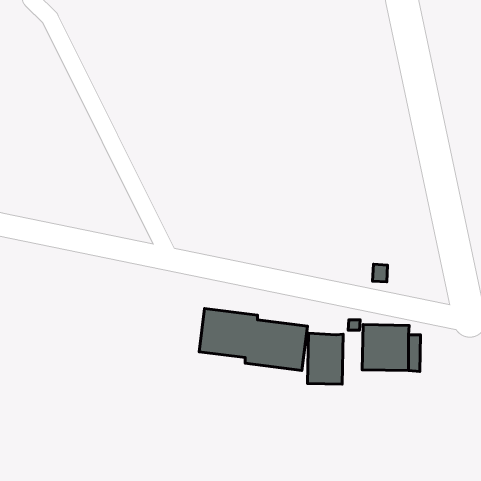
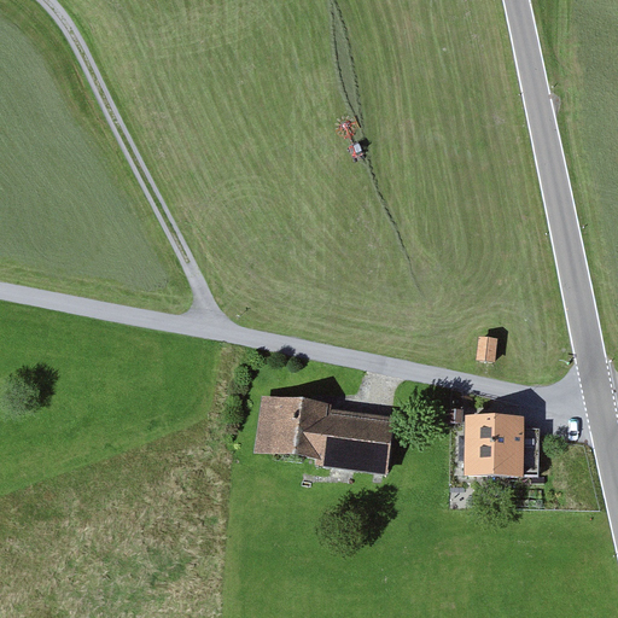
building: [308,333,343,384] -> none

